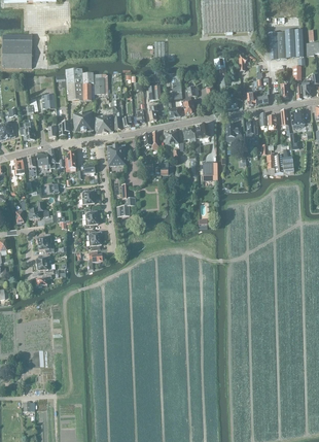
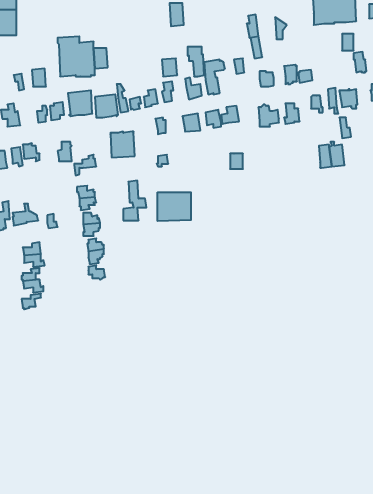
building: none -> [158,192,191,221]

